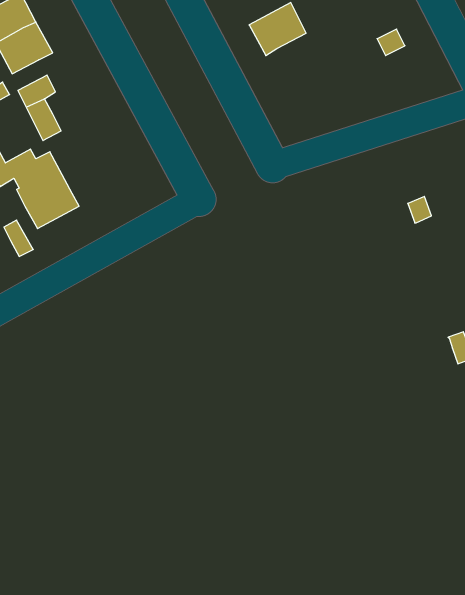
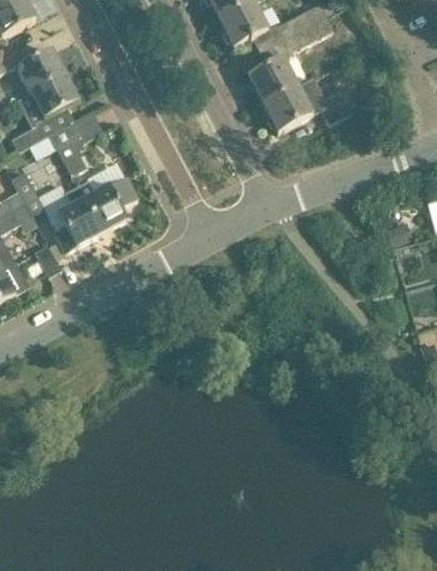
building: none -> [262,75,355,129]
building: none -> [76,172,138,230]

